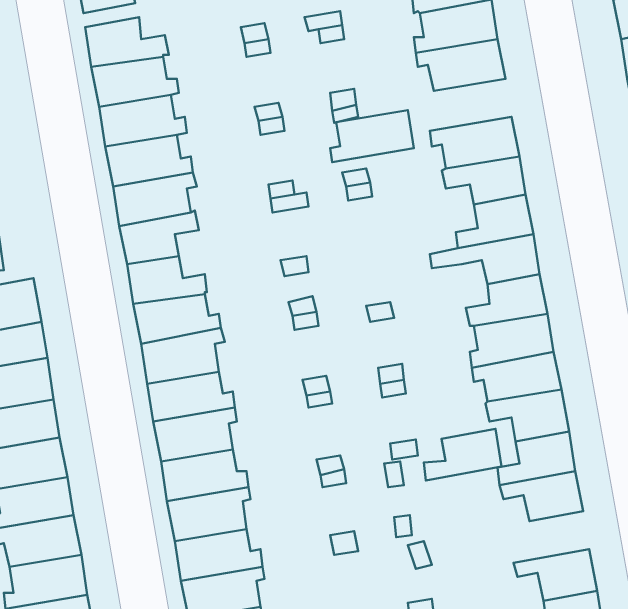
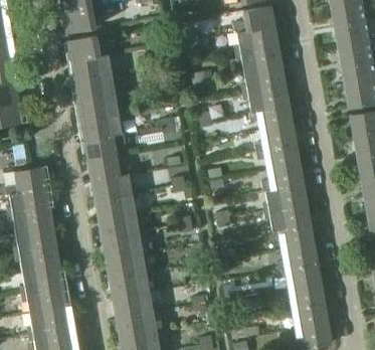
building: [330,110,414,162] -> [241,65,284,92]
building: [424,429,501,481] -> [284,284,323,310]

